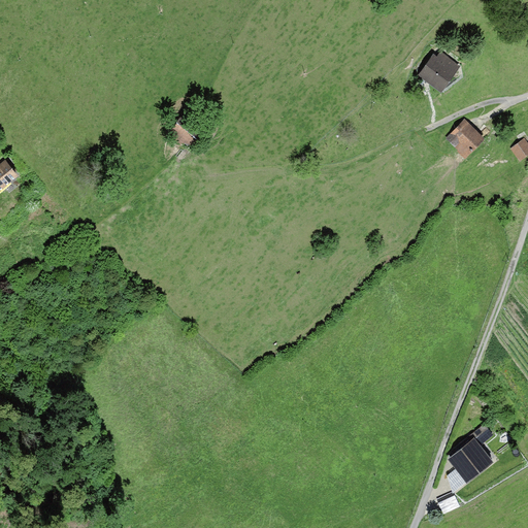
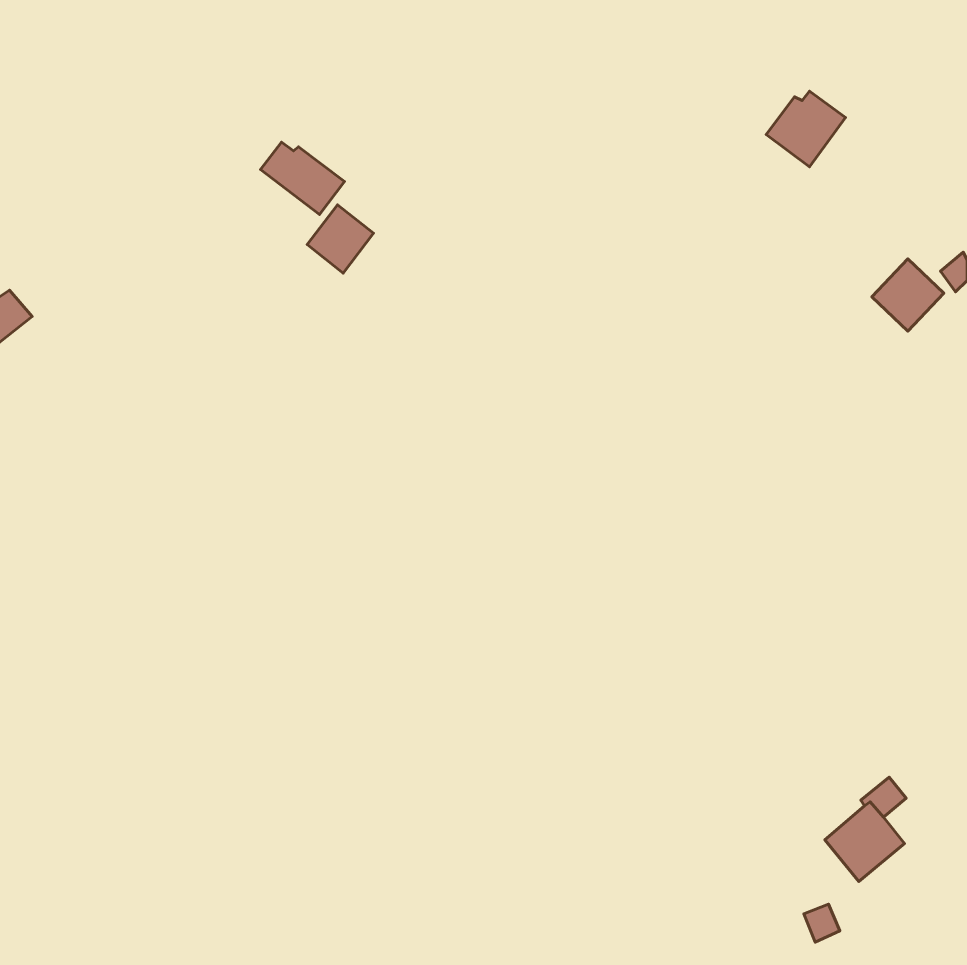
building: none -> [261,142,345,215]
building: [444,119,484,158] -> [872,259,944,331]

